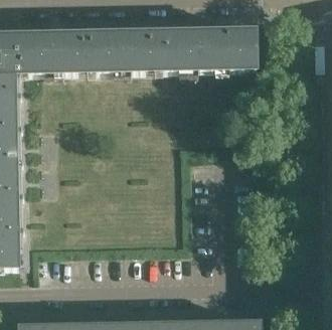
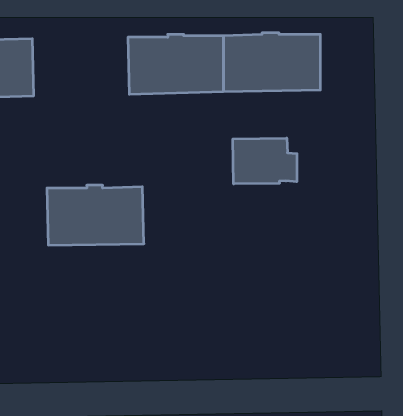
building: [53,30,122,72] -> [47,185,144,245]
building: none -> [233,138,297,184]

